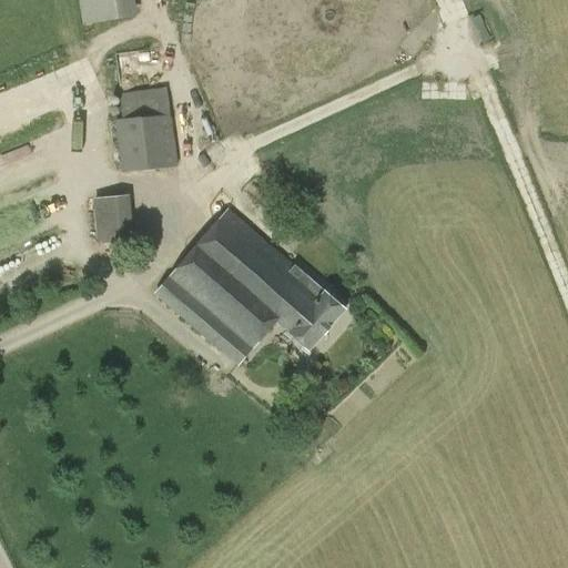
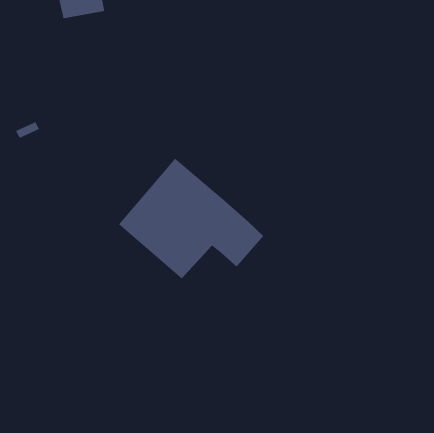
building: [115,87,178,171] -> none
building: [93,194,134,243] -> none

